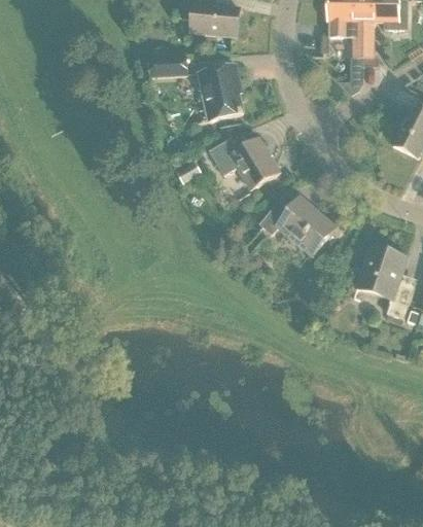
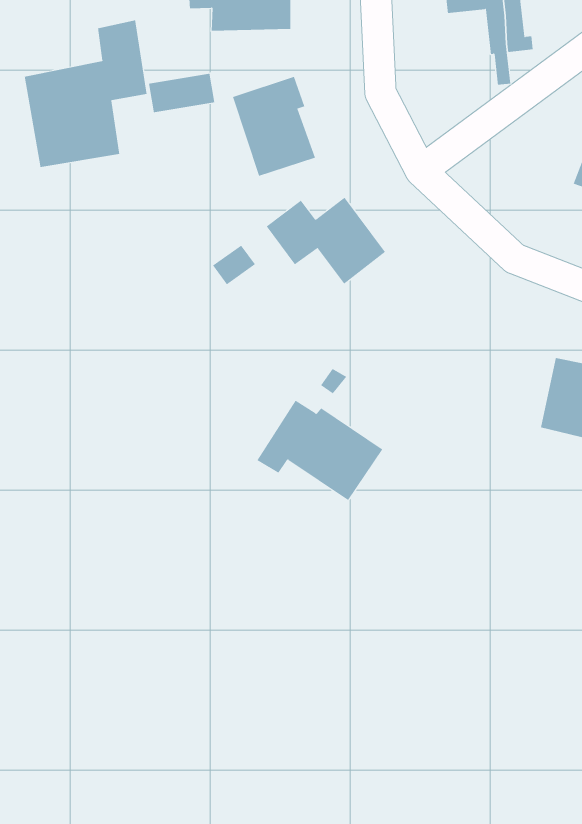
building: none -> [24,20,147,168]
building: [260,191,336,254] -> [256,400,383,501]

